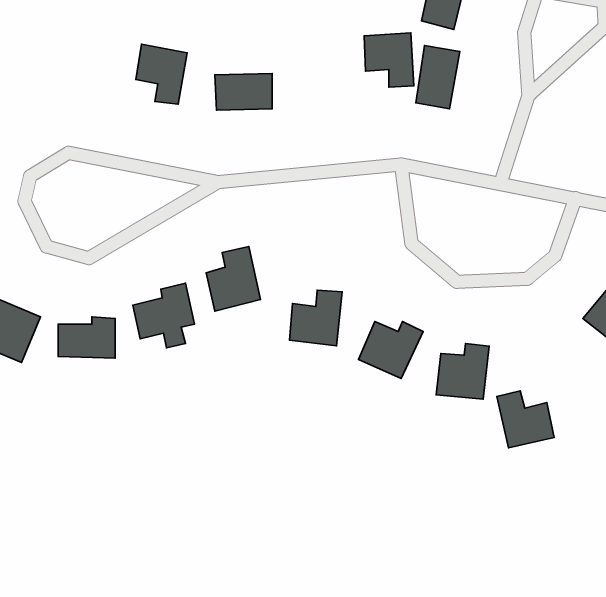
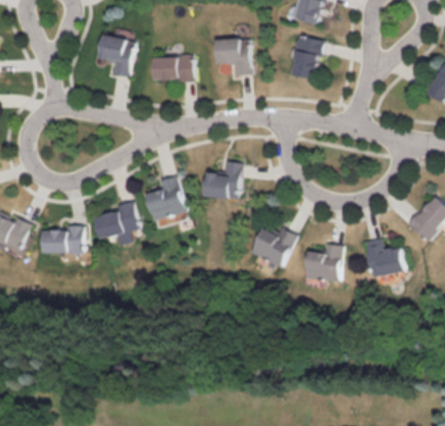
building: [364,33,414,87] -> [216,38,251,75]
building: [289,290,342,346] -> [205,161,242,200]
building: [497,391,554,448] -> [365,237,405,277]

